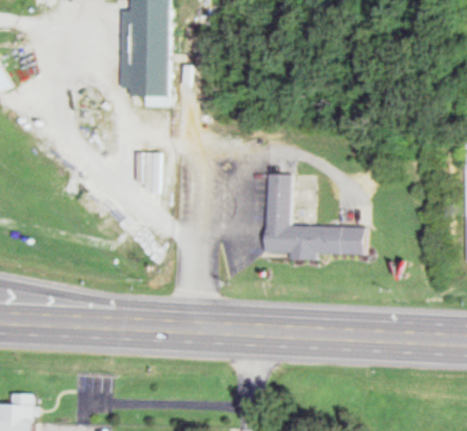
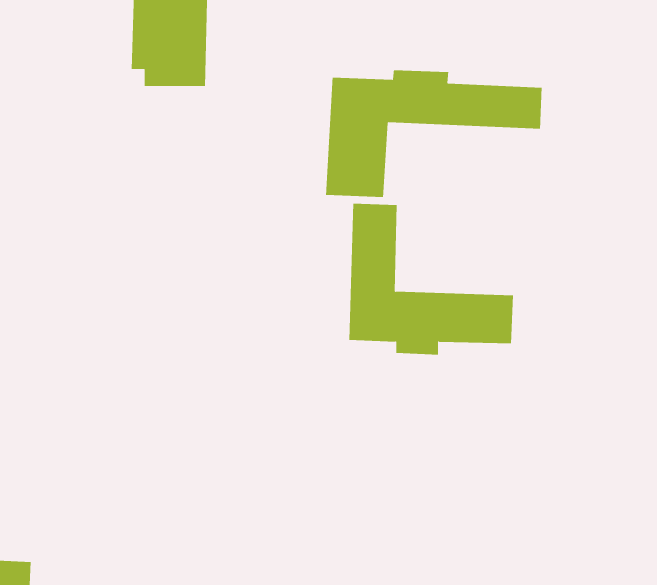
building: none -> [326,70,542,198]

